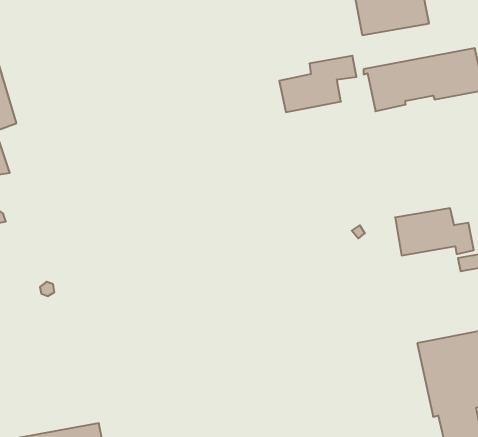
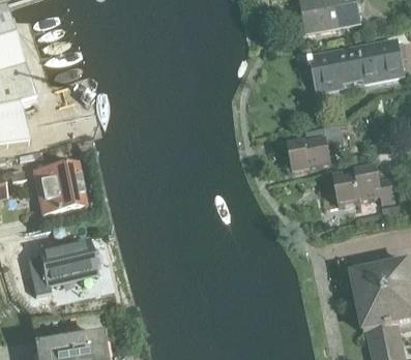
building: [279,56,357,112] -> [283,126,344,171]
building: none -> [33,161,86,213]
building: none -> [30,232,97,289]

